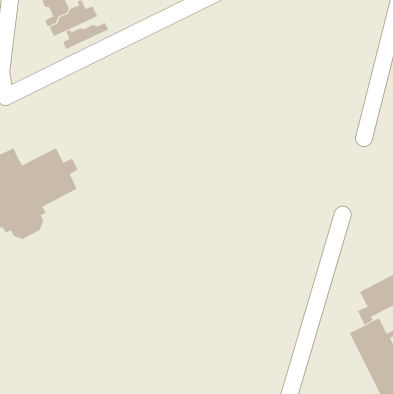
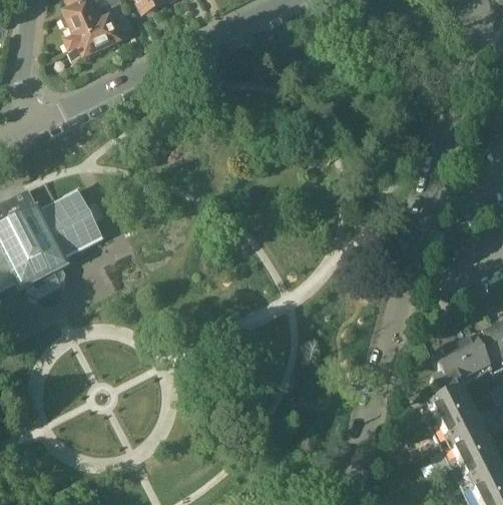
building: [62,22,109,50] -> none

